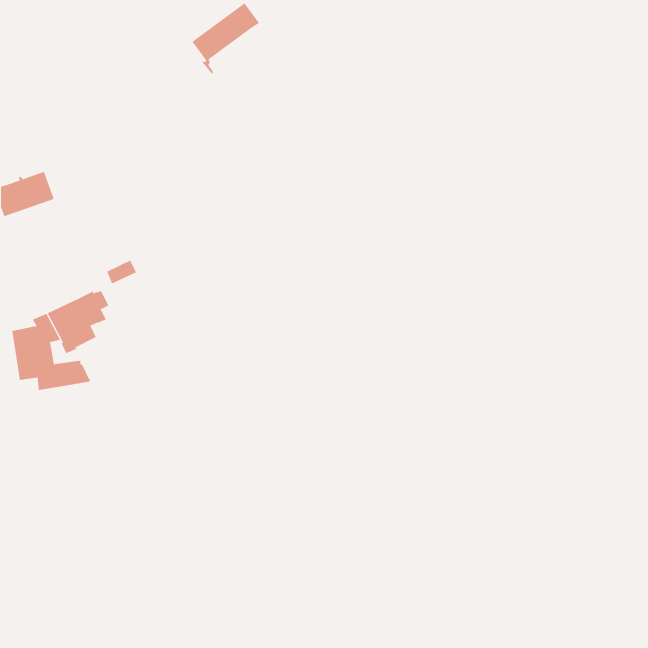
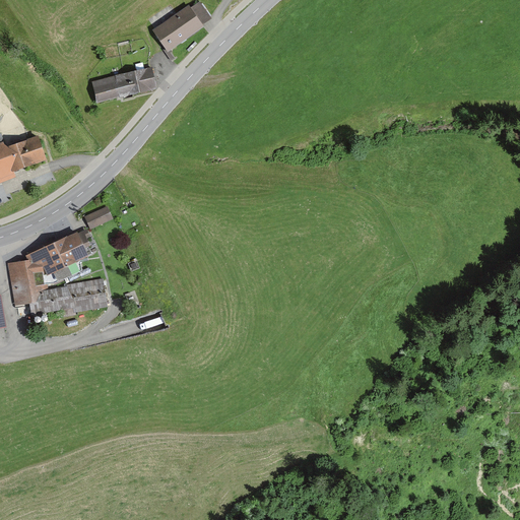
building: none -> [89,69,154,101]
building: none -> [64,279,106,312]

